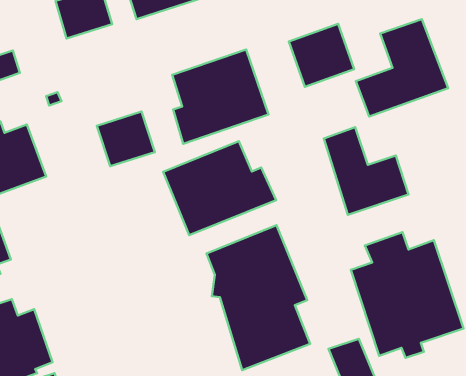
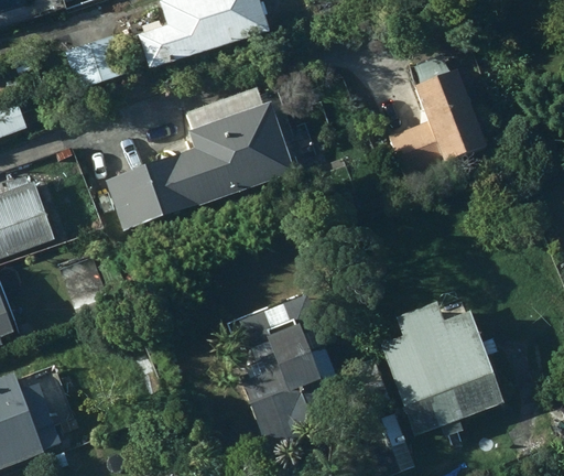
building: [289,24,354,87] -> none
building: [324,127,409,215] -> none
building: [163,141,276,235] -> none

